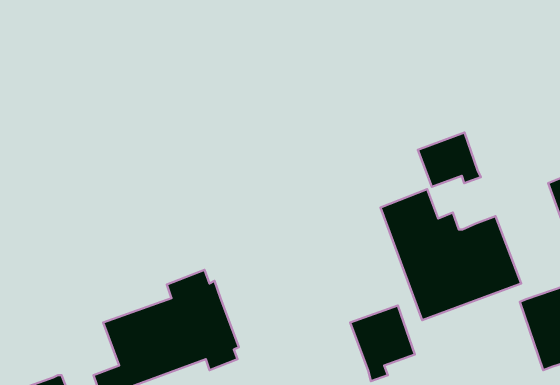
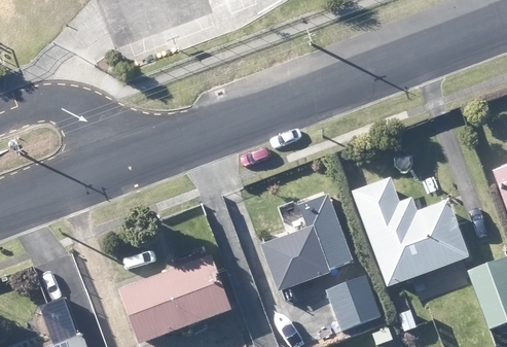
building: [418,133,481,187] -> none
building: none -> [260,190,354,290]

